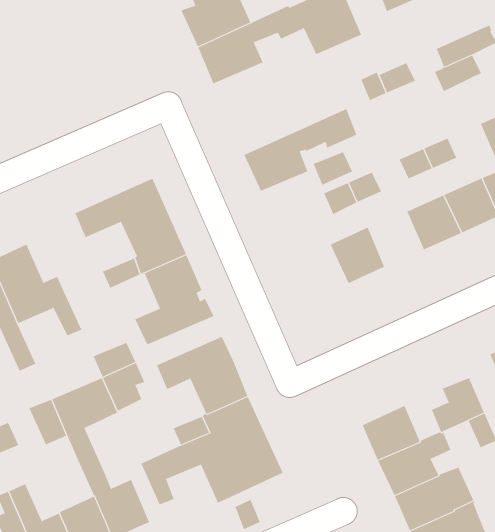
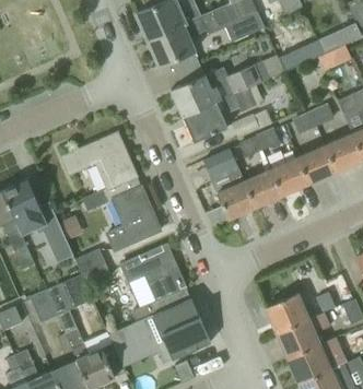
building: none -> [171,64,261,116]
building: none -> [203,149,256,220]
building: none -> [270,156,309,196]

